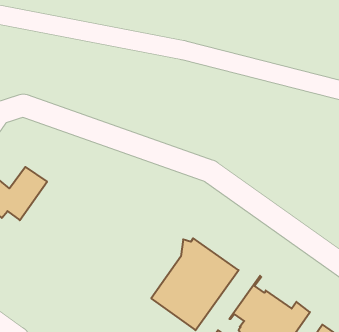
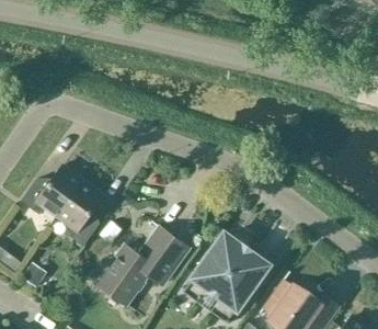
building: none -> [57,180,104,246]
building: none -> [98,227,188,305]

